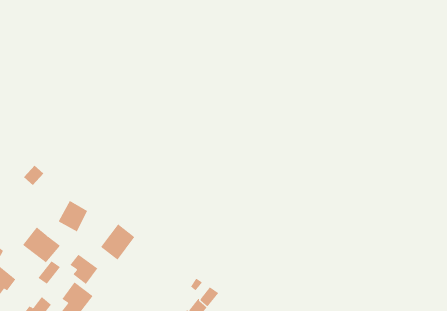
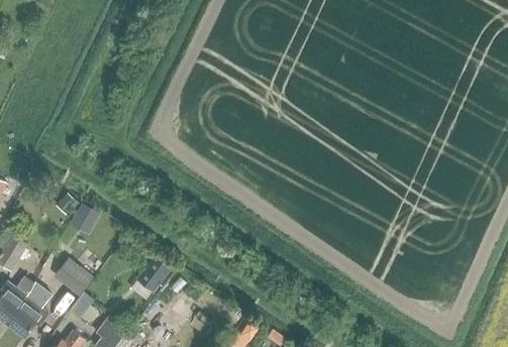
building: [58,200,88,232] -> [69,202,100,235]
building: [70,254,98,285] -> none

